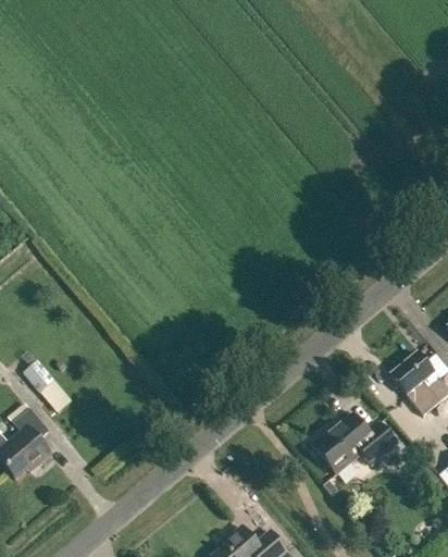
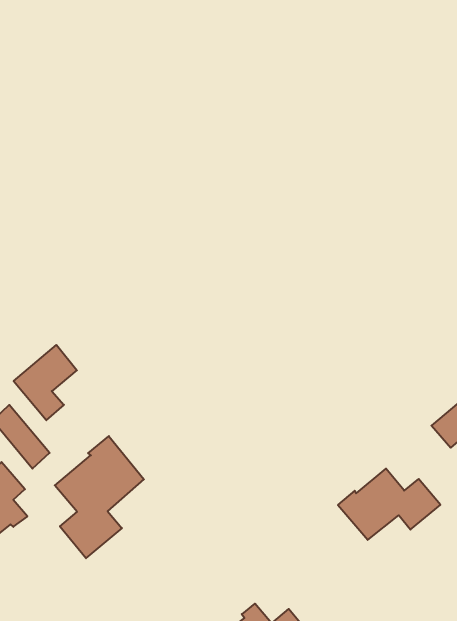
building: none -> [14,345,77,420]
building: none -> [55,436,144,558]

